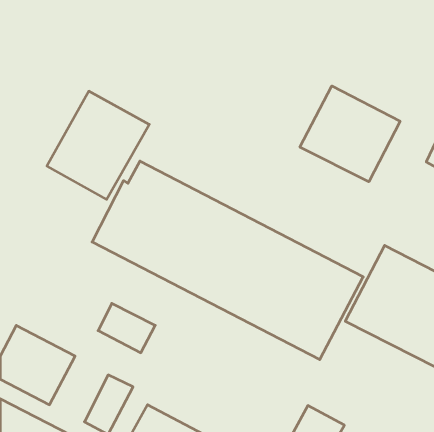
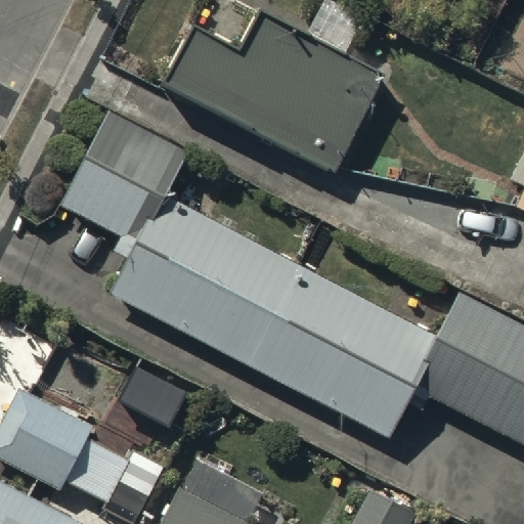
building: none -> [163,13,388,170]
building: [300,86,400,182] -> none

